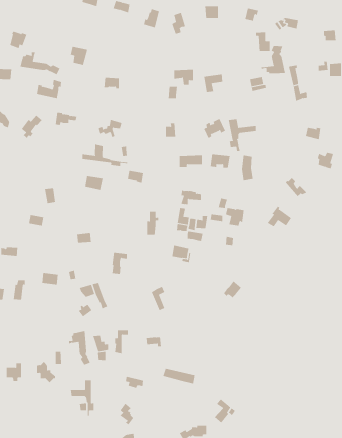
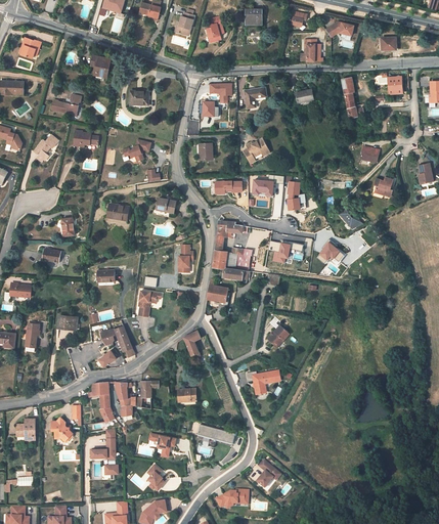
building: [261,45,285,74] -> none
building: [20,52,60,75] -> none
building: [228,118,256,152] -> none
building: [82,144,128,167] -> none
building: none -> [251,368,279,393]

